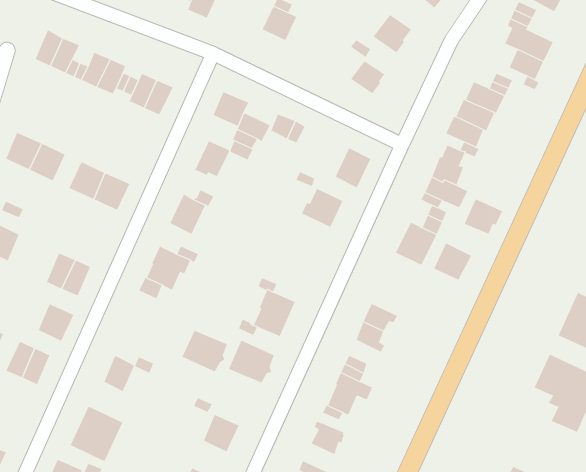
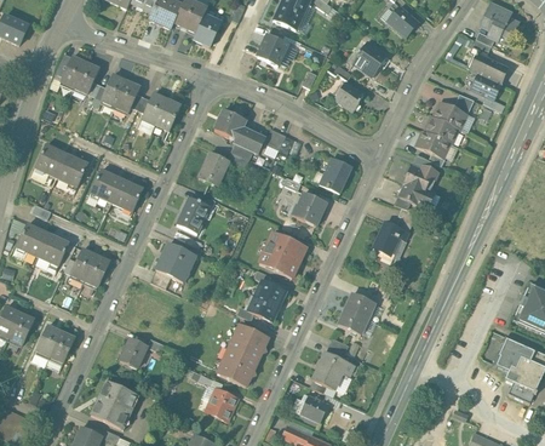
building: [464,198,503,235] -> none
building: none -> [259,231,306,276]
building: [434,243,472,281] -> none
building: [38,304,74,341] -> [38,233,69,265]
building: [182,330,228,372] -> [217,349,257,385]

